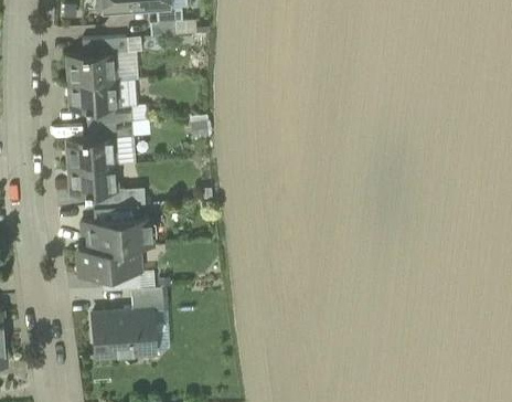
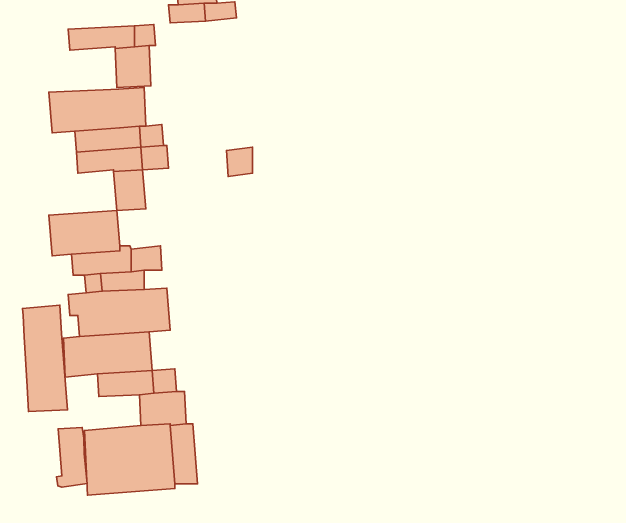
building: [65,50,115,81] -> none
building: [65,134,114,165] -> none
building: none -> [22,305,68,412]
building: none -> [56,427,87,487]

